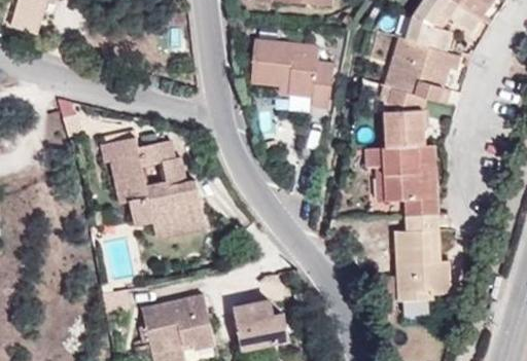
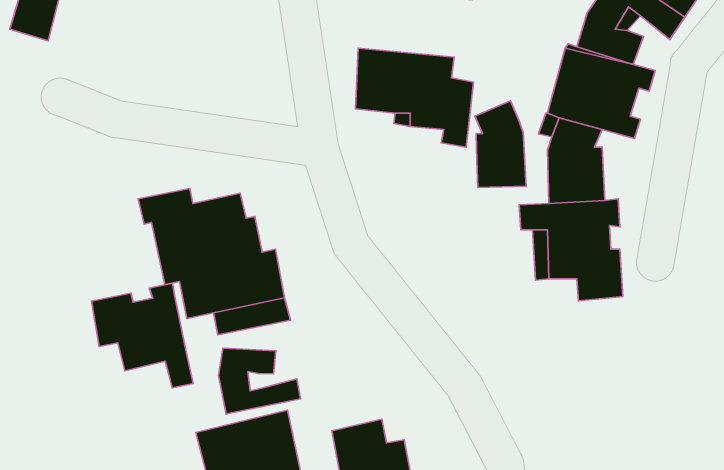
building: none -> [475,101,526,188]
building: none -> [91,283,193,388]
building: [394,213,450,299] -> none
building: none -> [218,348,300,414]

